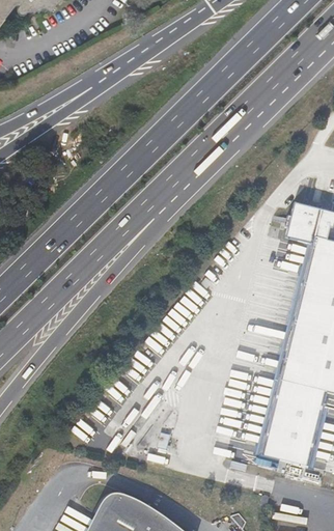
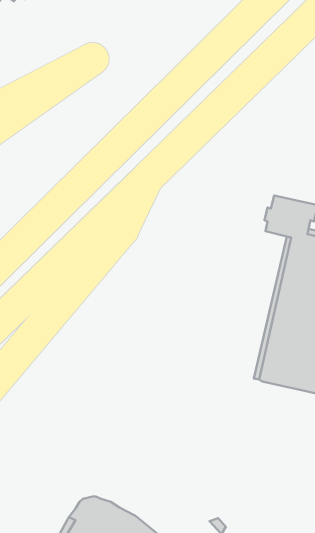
building: [261,381,328,472] -> none

